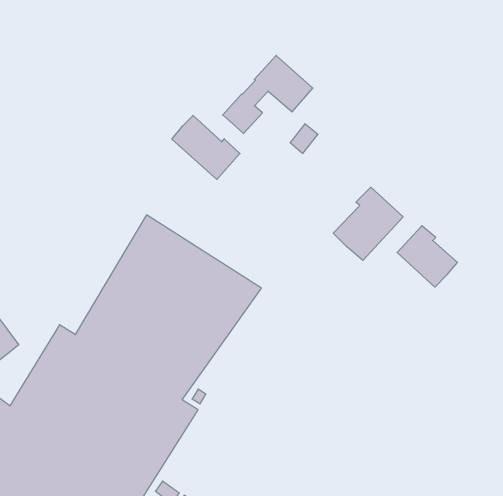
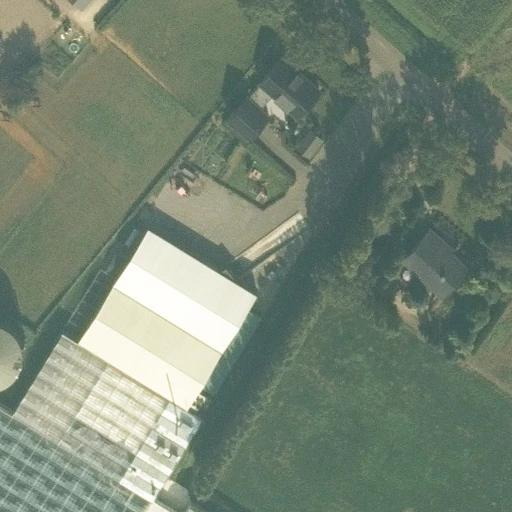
building: [172,115,240,179] -> none
building: [333,187,403,260] -> none

